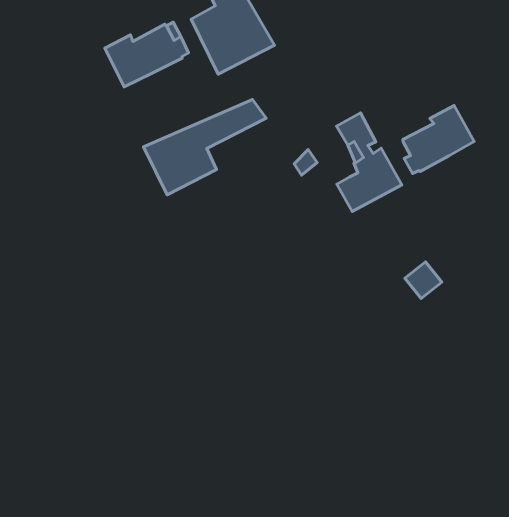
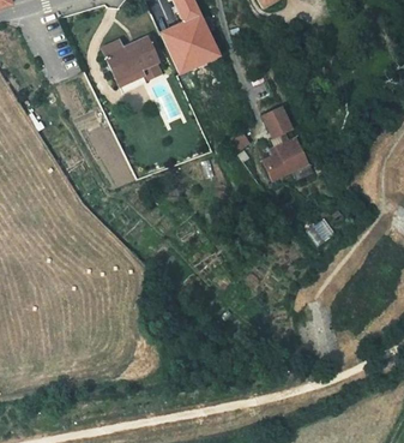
building: [144,99,266,195] -> none
building: [403,106,474,174] -> none

